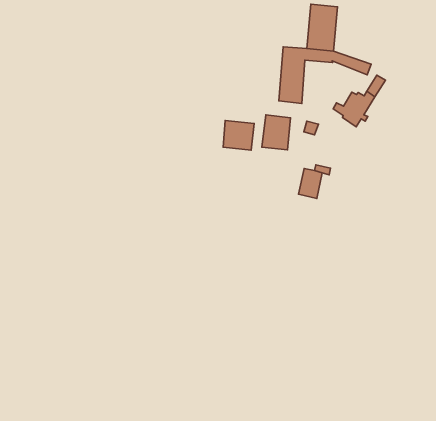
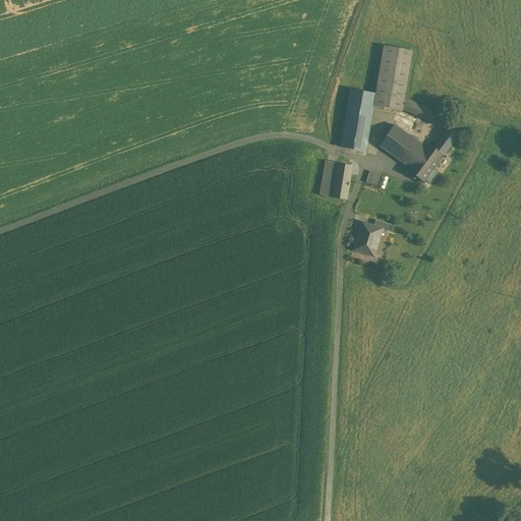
building: none -> [379,124,419,160]
building: [223,120,254,150] -> none

